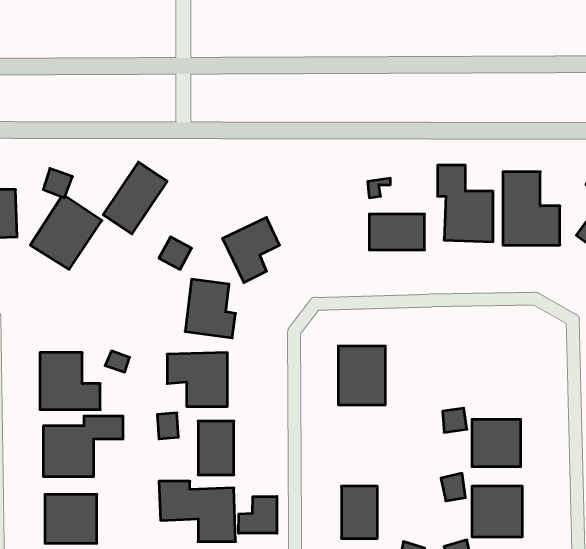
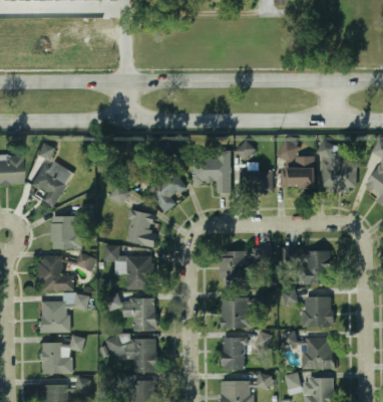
building: [103,162,167,234] -> none
building: none -> [194,152,232,193]
building: none -> [52,216,82,248]
building: none -> [299,252,332,283]
building: none -> [221,296,250,329]
building: [239,496,277,533] -> none

